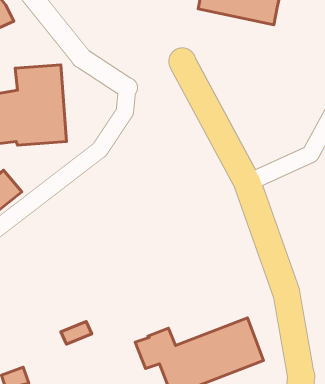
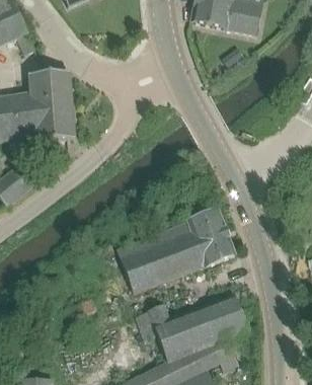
building: none -> [116,208,235,293]

